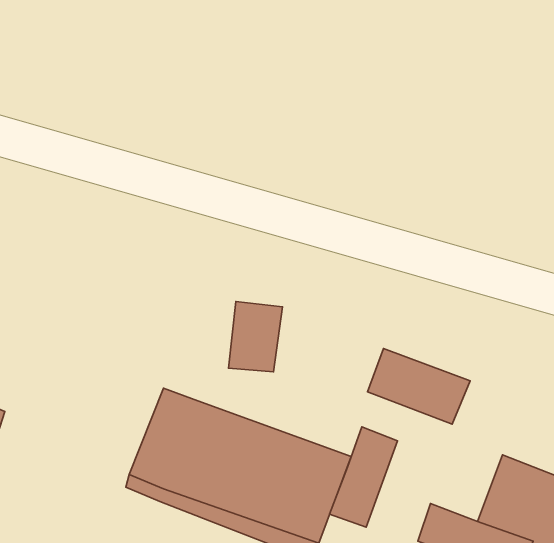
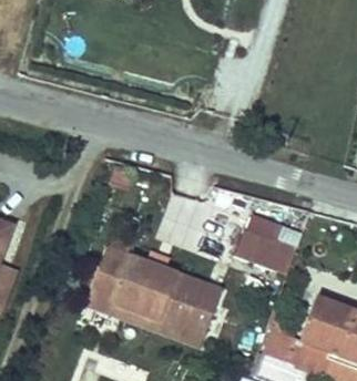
building: [330,427,397,527] -> none

